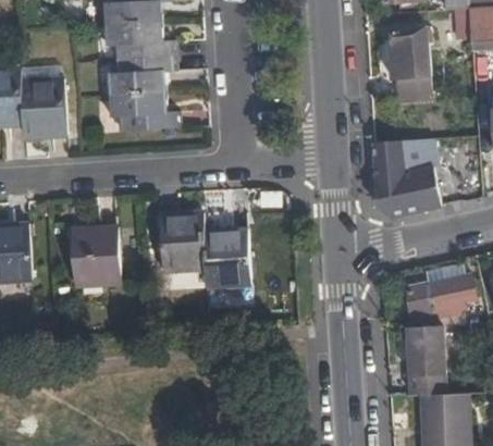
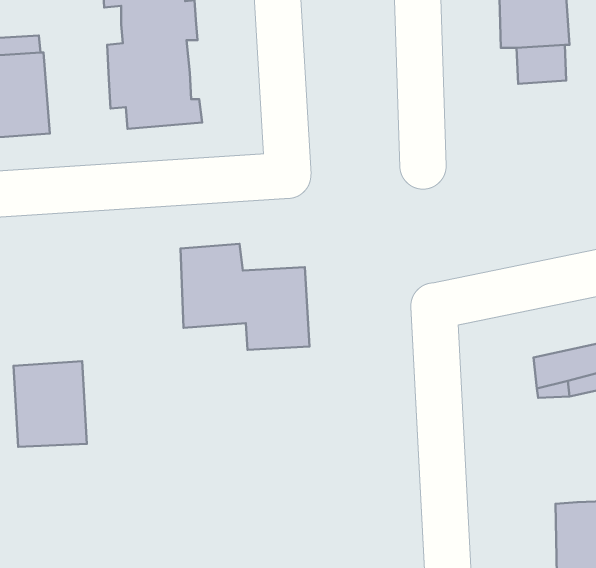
building: [372,137,441,218] -> none
building: [71,226,122,286] -> [14,361,87,447]
building: [408,326,445,395] -> none

